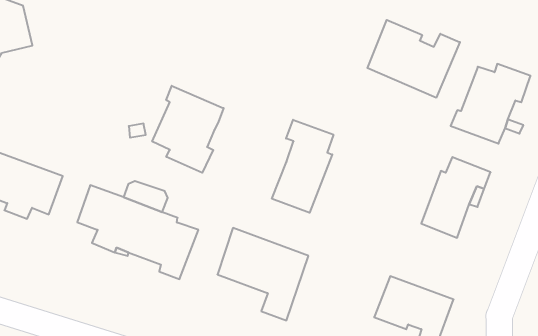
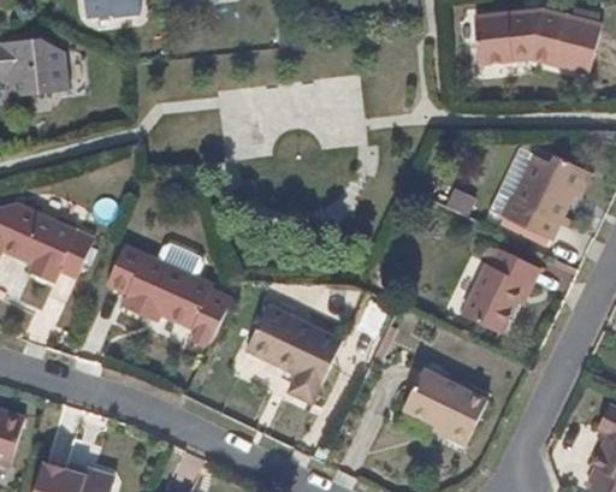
building: [367,20,460,98] -> none
building: [152,86,224,173] -> none
building: [272,120,333,213] -> none

